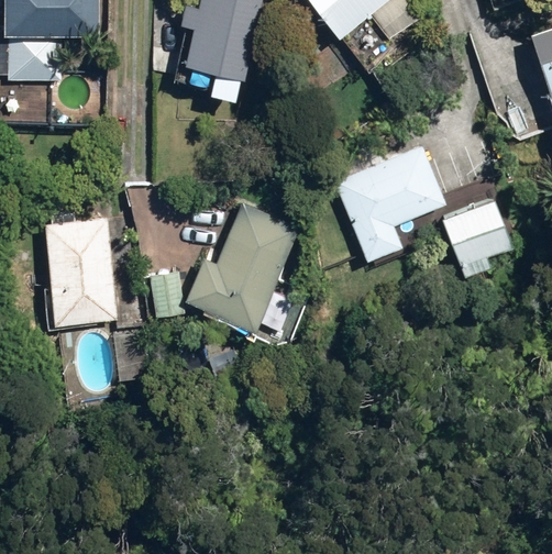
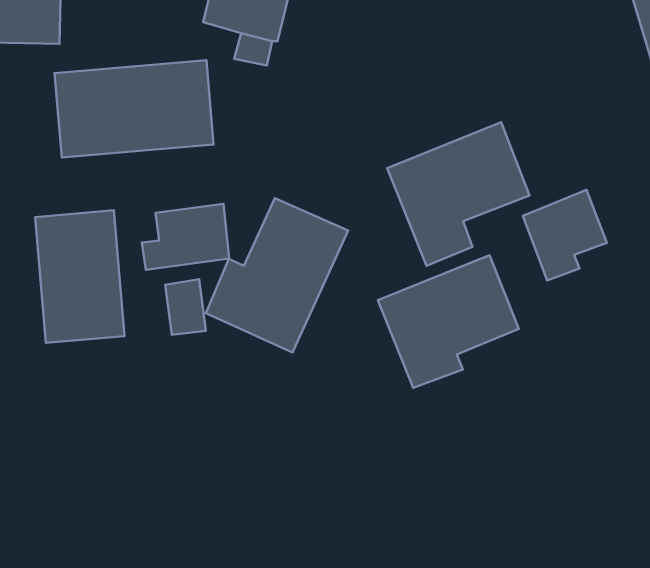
building: none -> [55,60,214,158]
building: none -> [142,204,229,270]
building: none -> [378,255,519,388]

